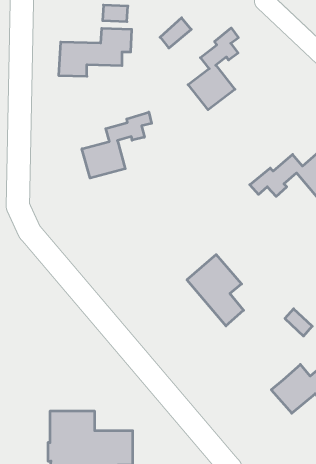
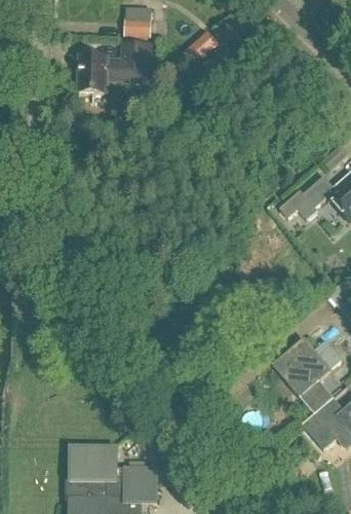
building: [188,28,238,110] -> none
building: [82,112,152,178] -> none
building: [187,255,244,326] -> [272,337,332,412]

